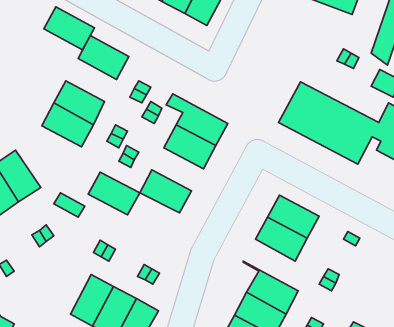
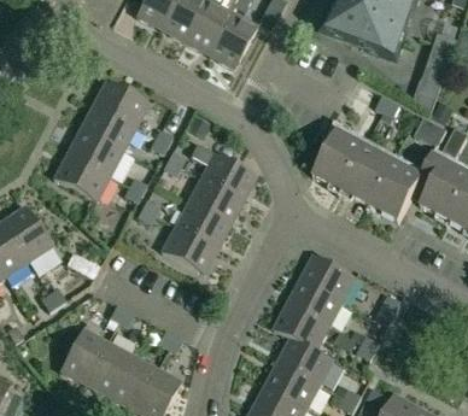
building: [44,7,95,50] -> [80,104,135,151]
building: [88,172,140,215] -> [174,201,230,248]
building: none -> [274,301,334,358]
building: none -> [59,327,107,383]

